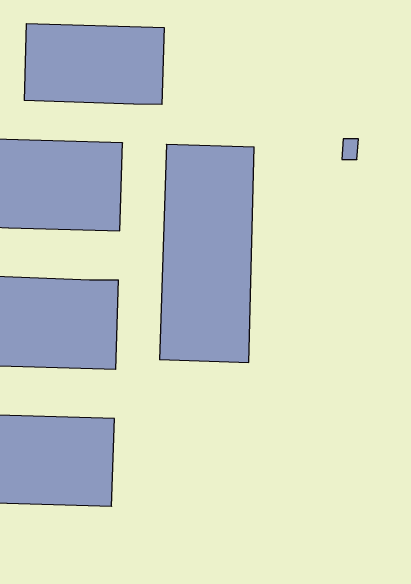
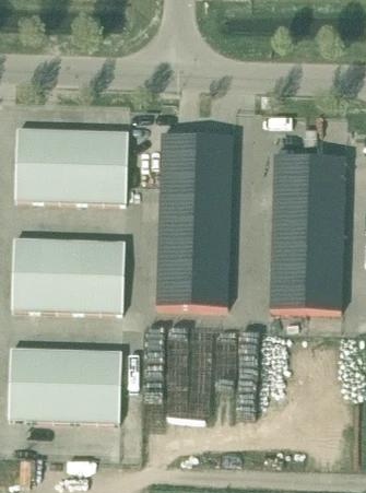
building: [24,24,164,104] -> none
building: none -> [271,154,346,310]

